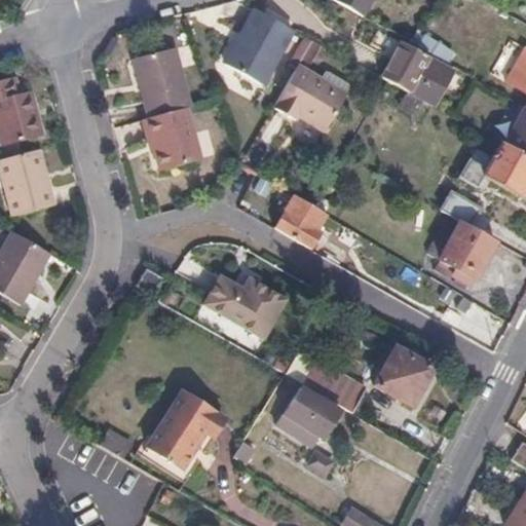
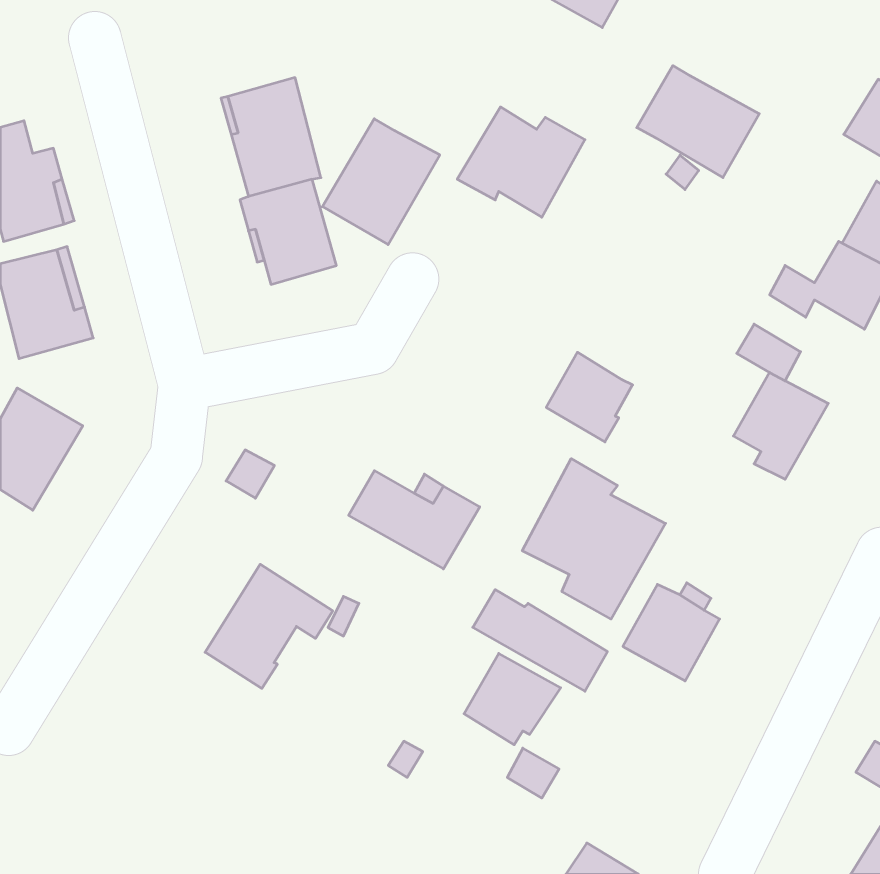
building: [227,6,297,81] -> [322,119,440,245]
building: [273,195,325,249] -> [546,352,633,442]
building: none -> [522,459,666,619]
building: [146,392,222,466] -> [205,564,333,688]

